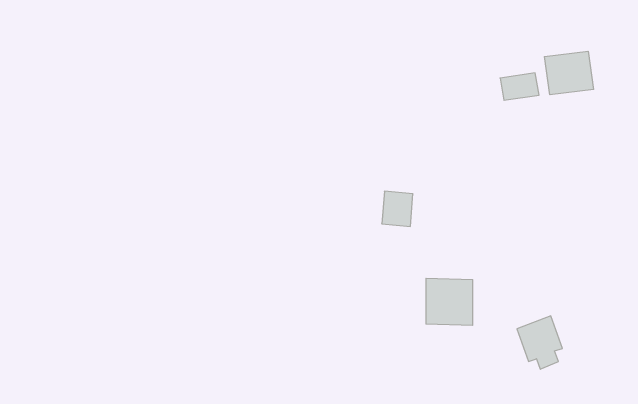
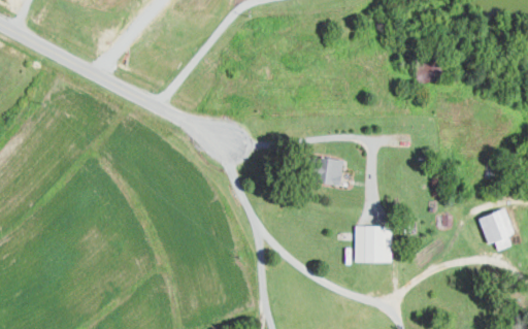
building: [544,51,594,95] -> none
building: [517,316,562,369] -> [478,209,515,252]

